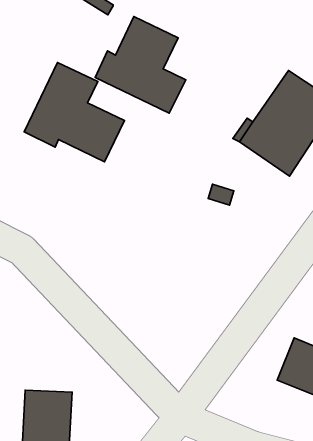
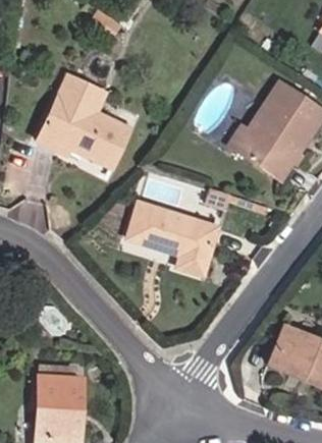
building: [95,16,186,113] -> none
building: none -> [129,206,216,274]

